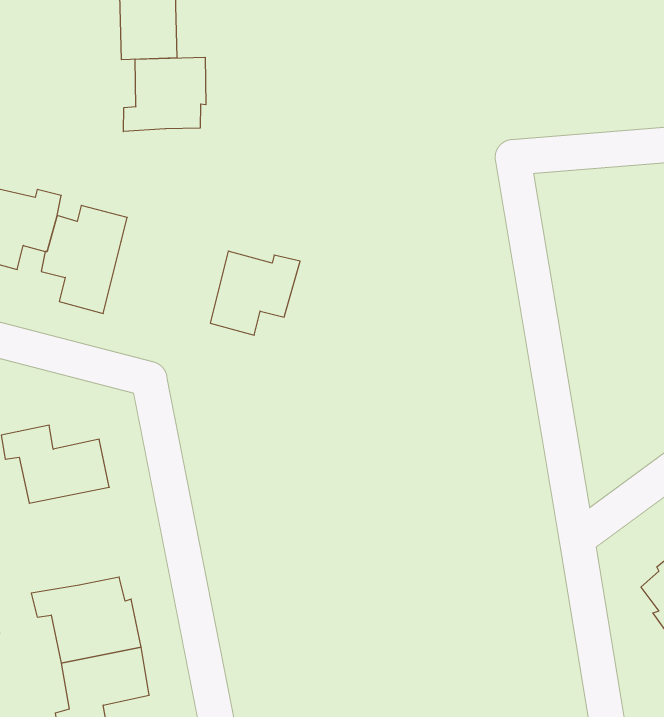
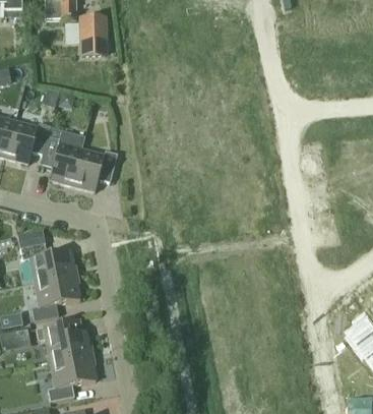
building: [123,57,206,132] -> none
building: [210,251,300,335] -> [71,149,117,191]
building: none -> [32,274,79,320]

